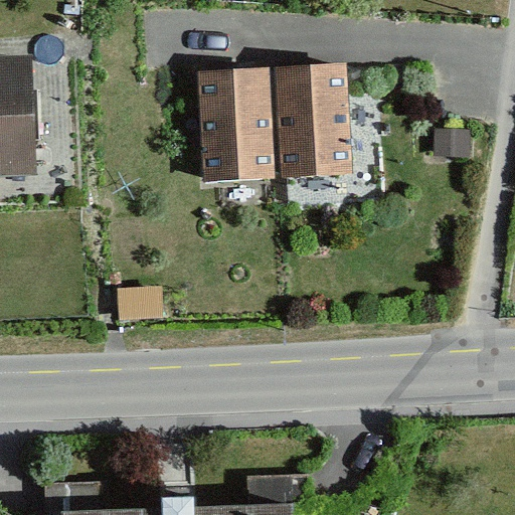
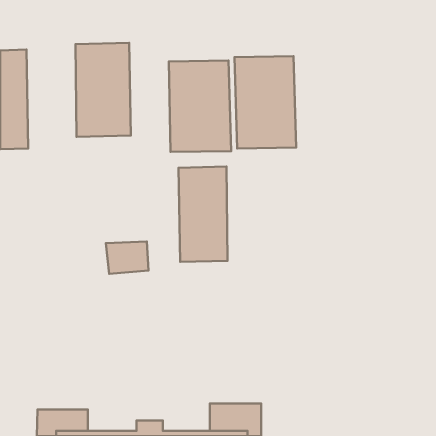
building: none -> [75,43,131,137]
building: none -> [178,166,228,262]

